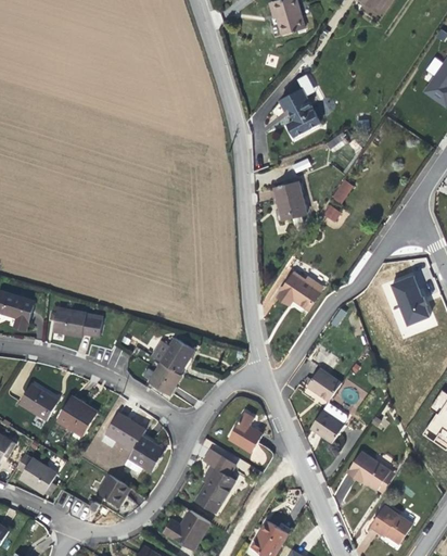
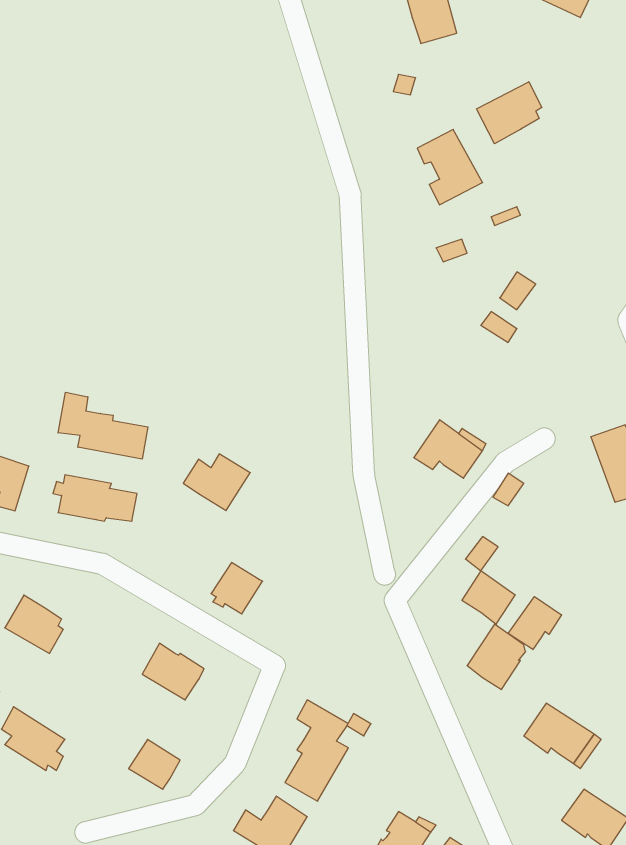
building: none -> [477,82,542,144]
building: [273,180,306,223] -> none
building: none -> [58,392,148,459]
building: [152,337,194,372] -> [183,454,250,511]
building: none -> [508,597,562,650]
building: [56,395,95,435] -> none
building: [228,412,261,452] -> none
building: [124,435,164,472] -> none

